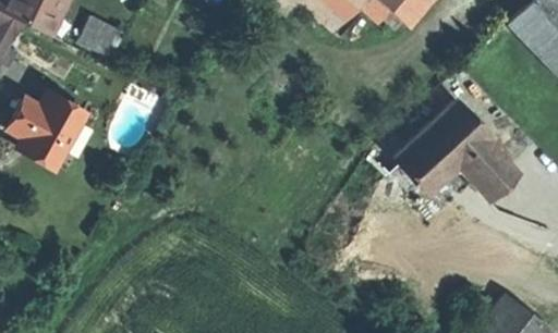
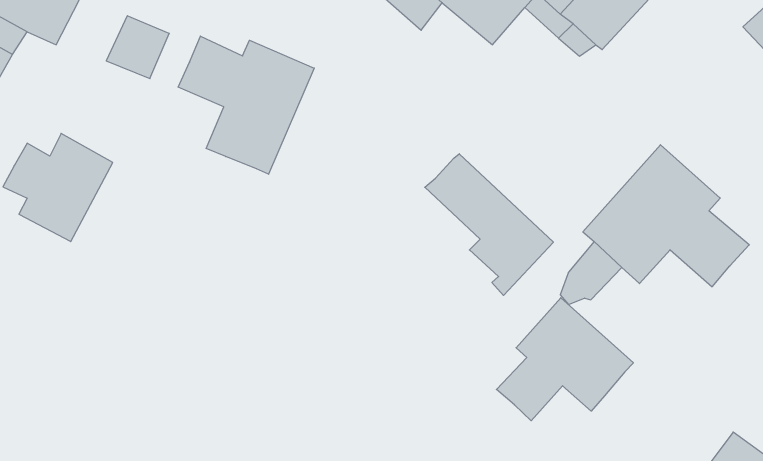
building: none -> [178,36,314,174]
building: none -> [425,154,553,295]
building: none -> [496,298,633,421]

